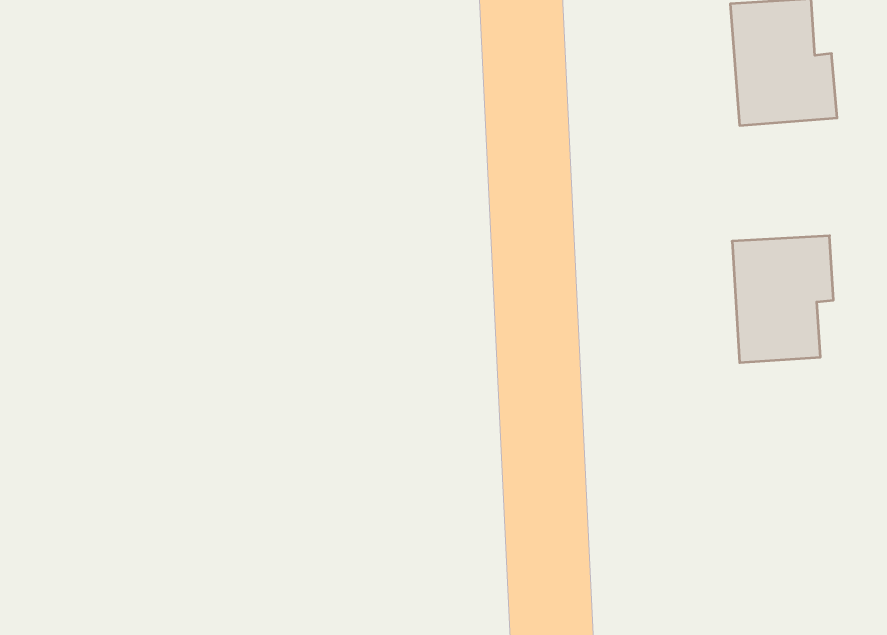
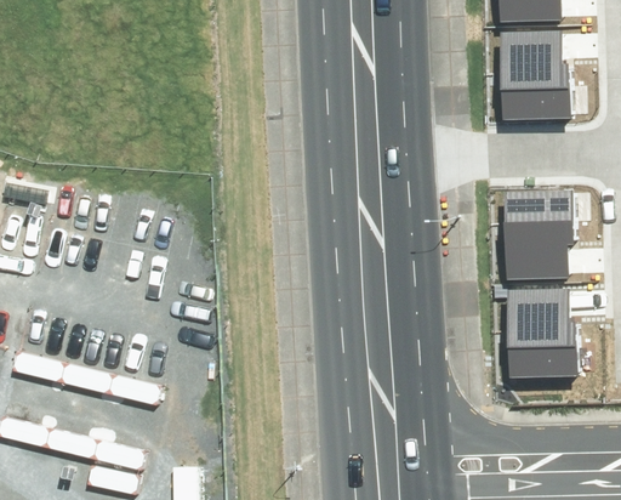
building: none -> [508,296,579,379]

